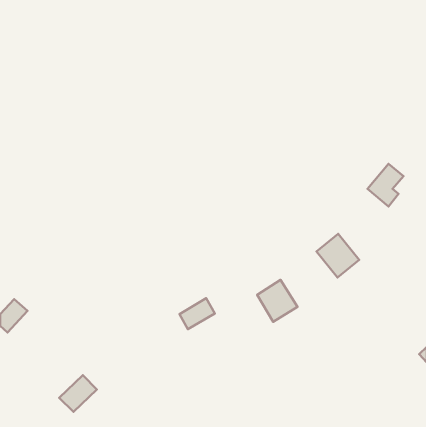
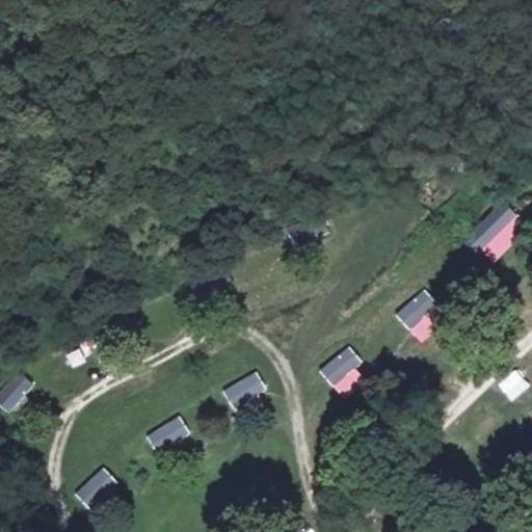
building: none -> [148,416,192,453]

